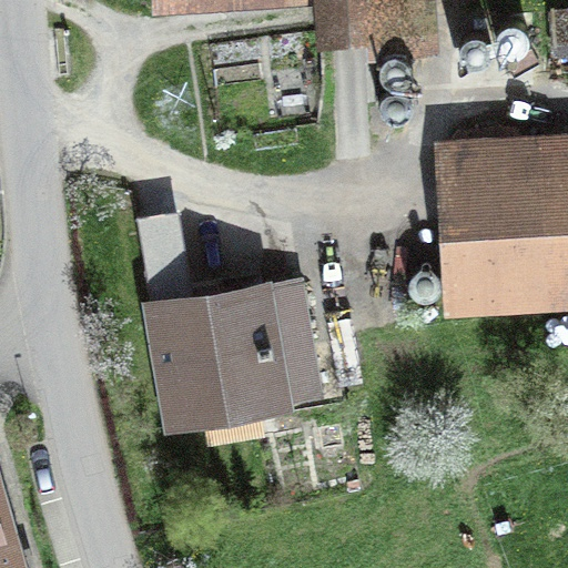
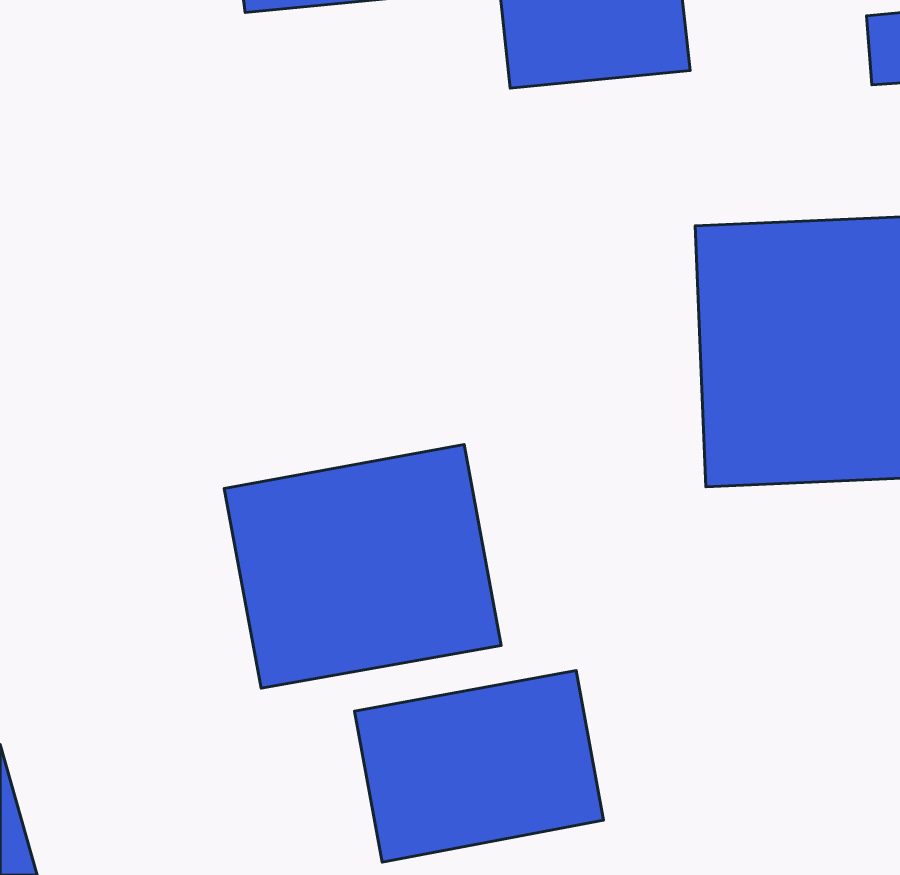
building: none -> [354,670,603,862]

